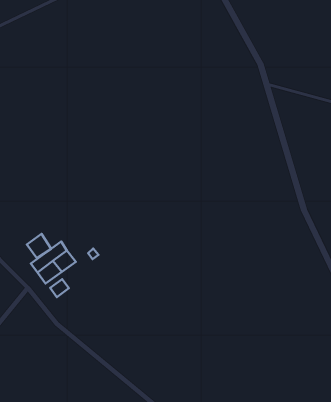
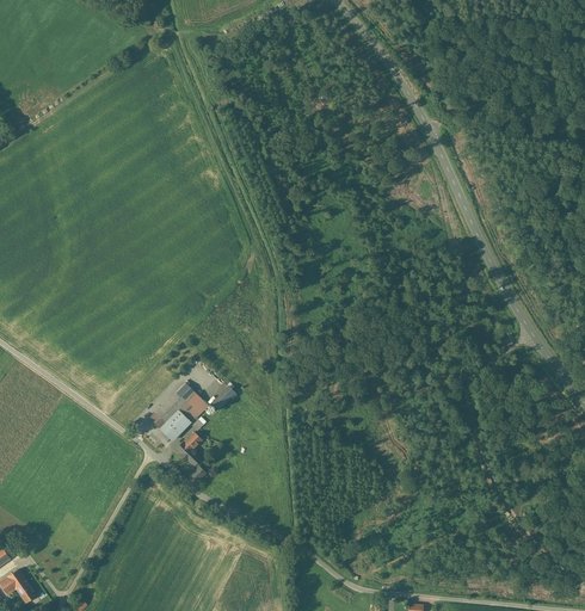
building: [27,234,51,258] -> none

